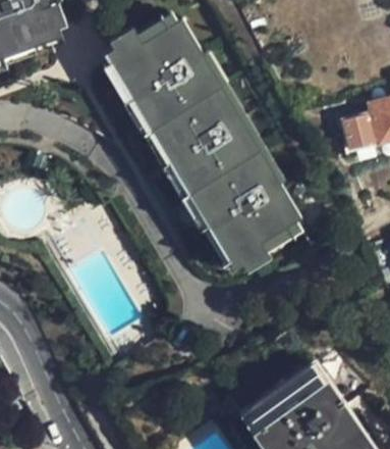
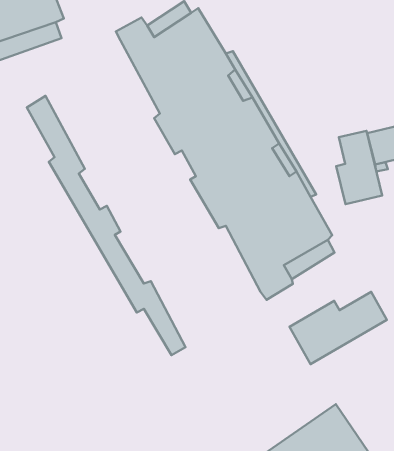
building: [105,42,244,270] -> [27,96,185,355]
building: none -> [336,131,382,204]
building: none -> [289,292,387,364]

